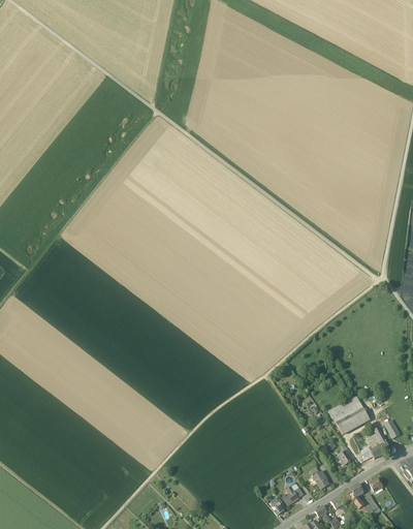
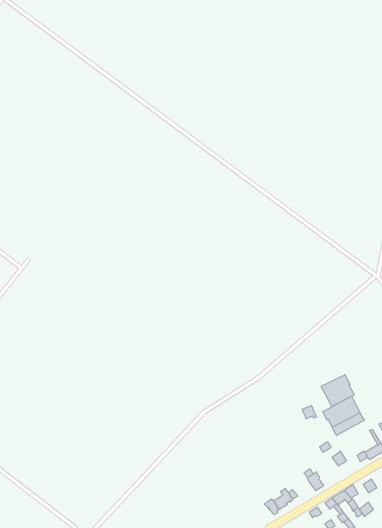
building: none -> [321,375,354,406]

